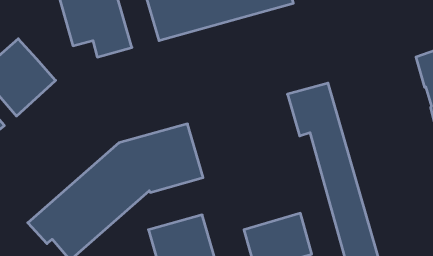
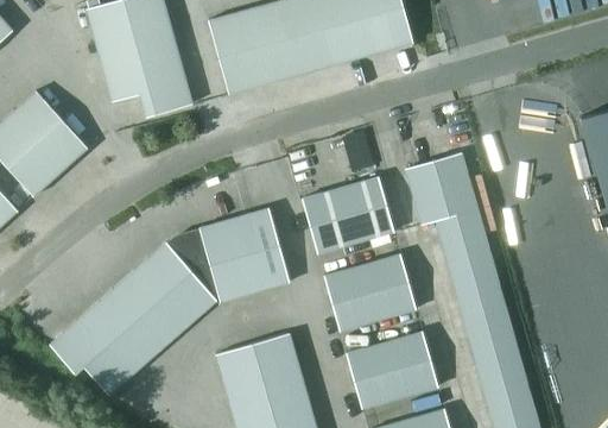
building: none -> [302,176,394,253]
building: none -> [323,253,416,331]

